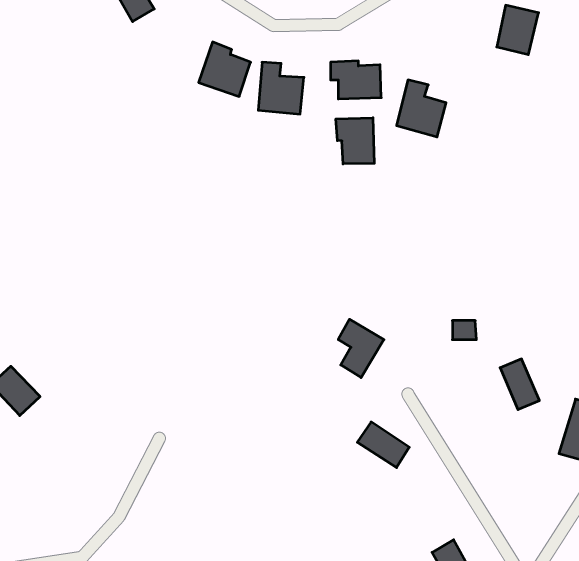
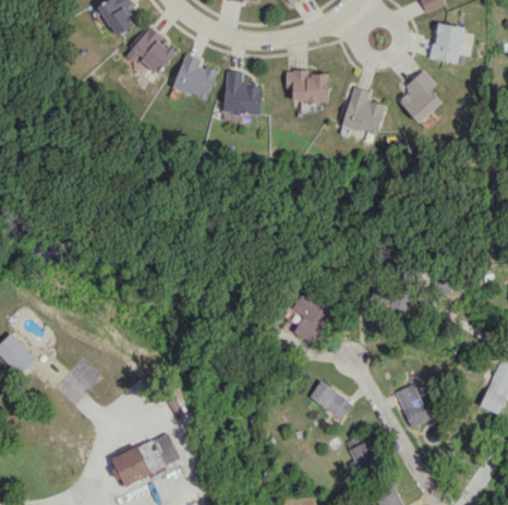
building: none -> [126,26,177,75]
building: none -> [398,70,443,123]
building: [336,118,374,164] -> none
building: [500,359,539,410] -> [396,384,430,428]
building: none -> [109,433,179,489]
building: none -> [349,440,379,468]

